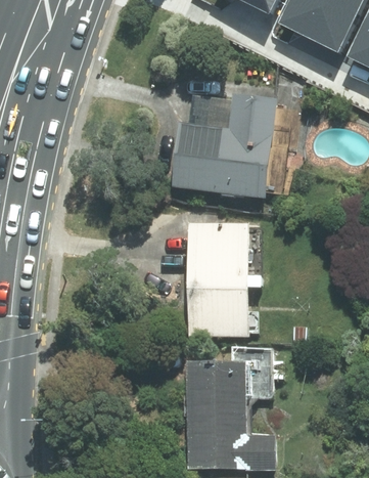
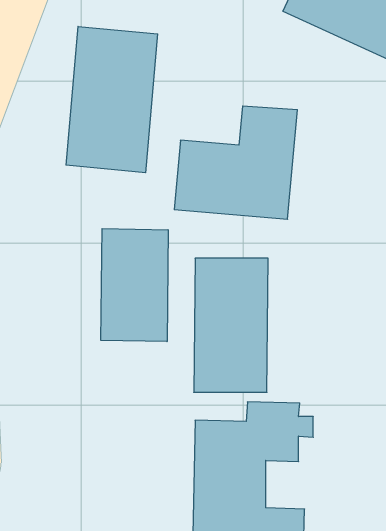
building: none -> [66,26,158,173]
building: none -> [101,229,168,342]

